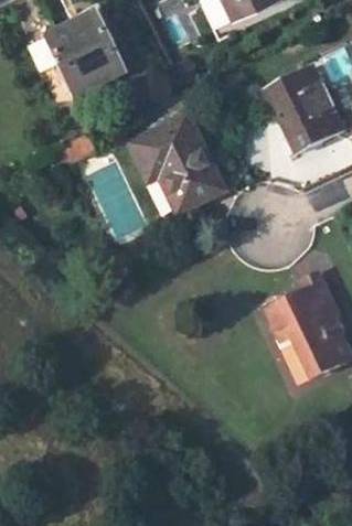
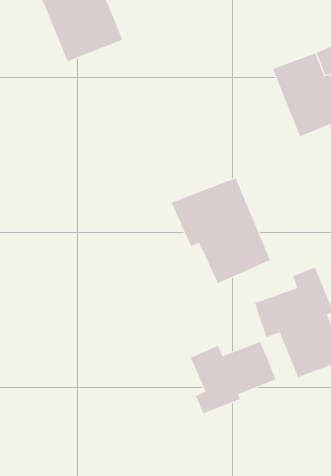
building: [128,114,225,214] -> [171,177,271,284]
building: none -> [190,341,276,414]

